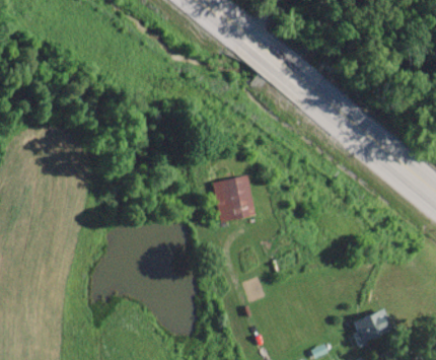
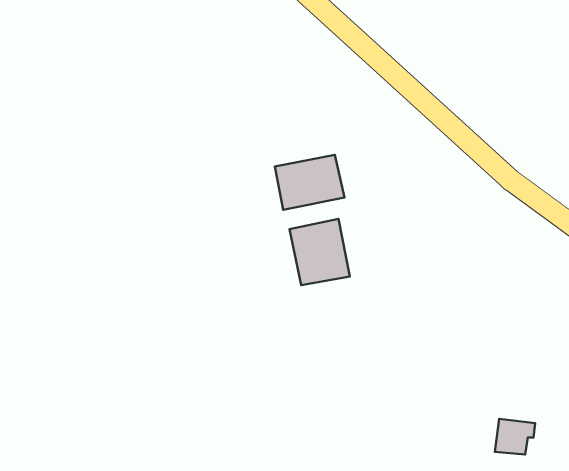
building: none -> [275,155,345,210]

